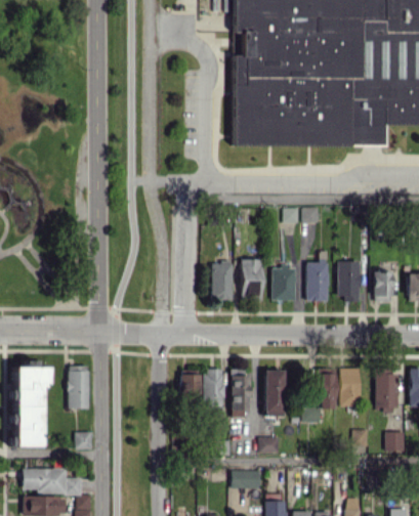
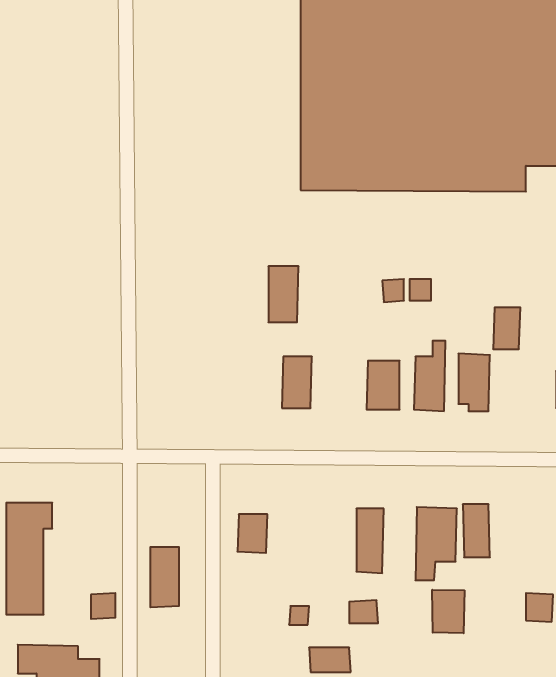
building: [242,259,263,299] -> [268,266,299,322]
building: [373,271,392,301] -> [493,307,520,349]
building: [69,365,89,408] -> [150,547,179,607]
building: [204,369,225,407] -> none
building: [232,369,250,411] -> none
building: [375,373,400,408] -> none
building: none -> [432,590,464,633]

